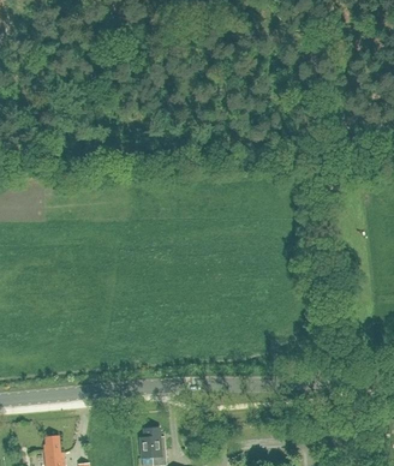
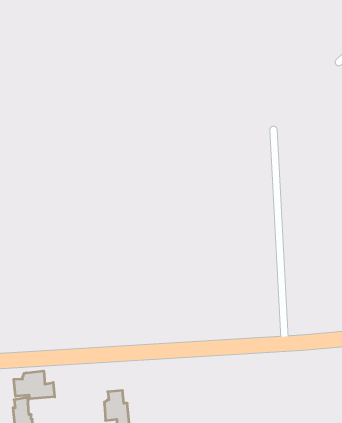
building: none -> [14,371,55,399]

